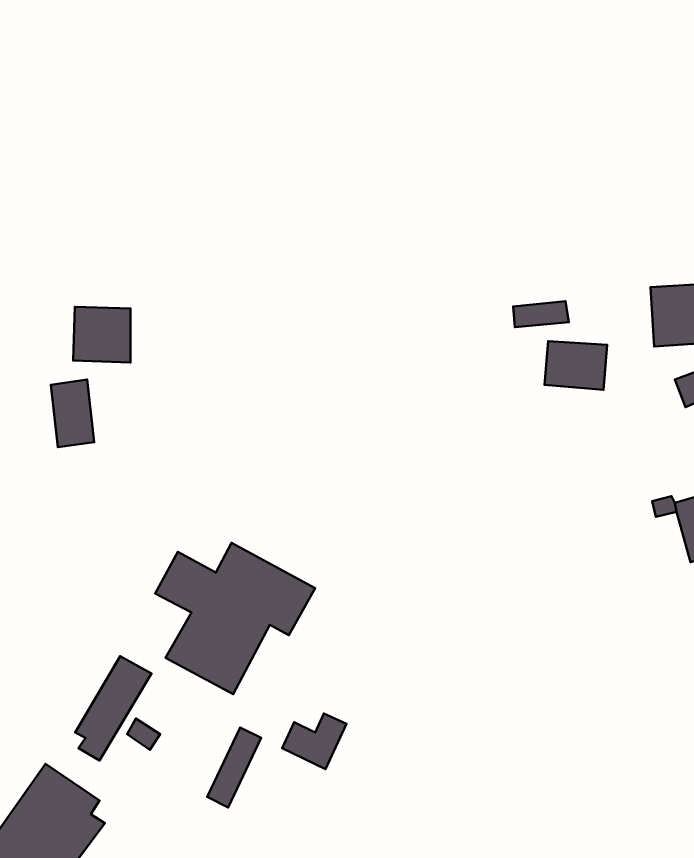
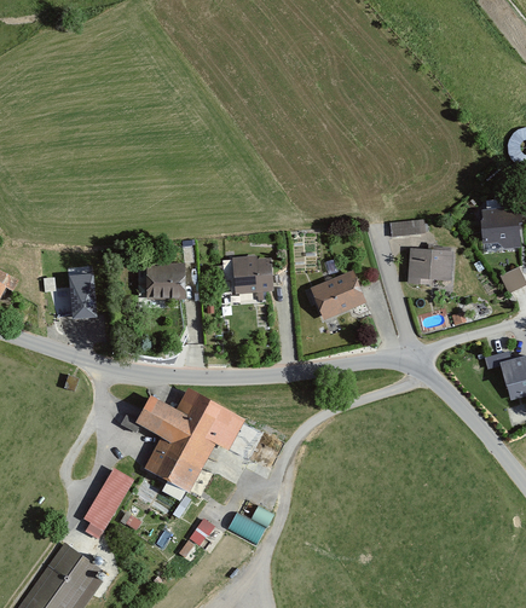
building: [73,307,131,362] -> [148,262,187,301]
building: none -> [233,257,276,294]
building: none -> [312,270,370,319]

